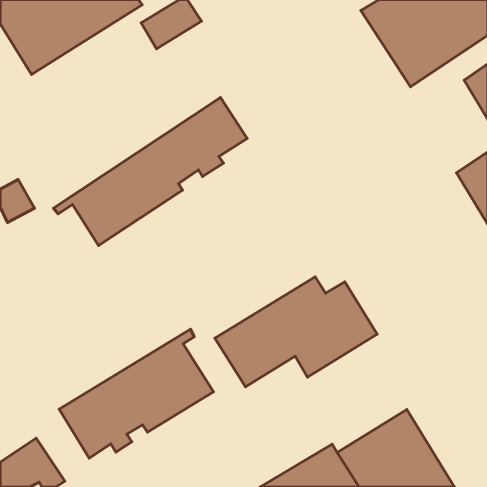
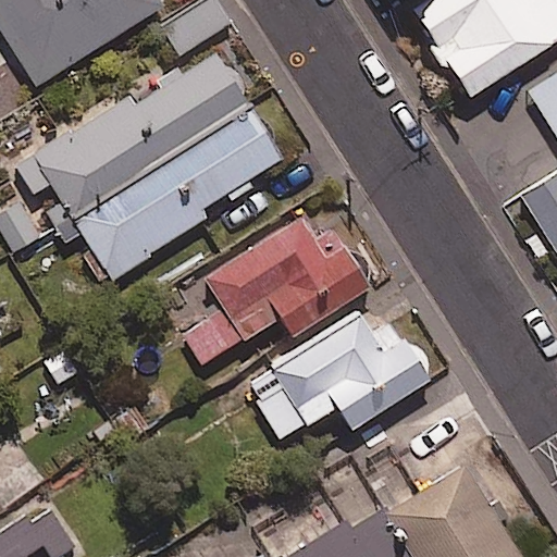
building: none -> [15,54,252,237]
building: none -> [183,221,369,367]
building: [59,329,213,458] -> none

